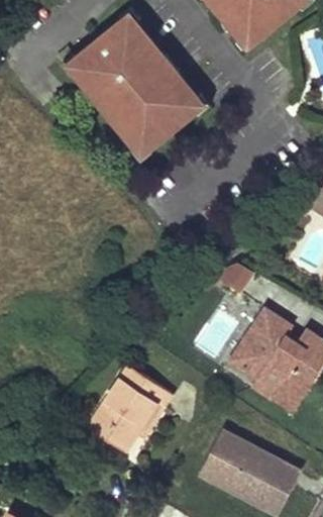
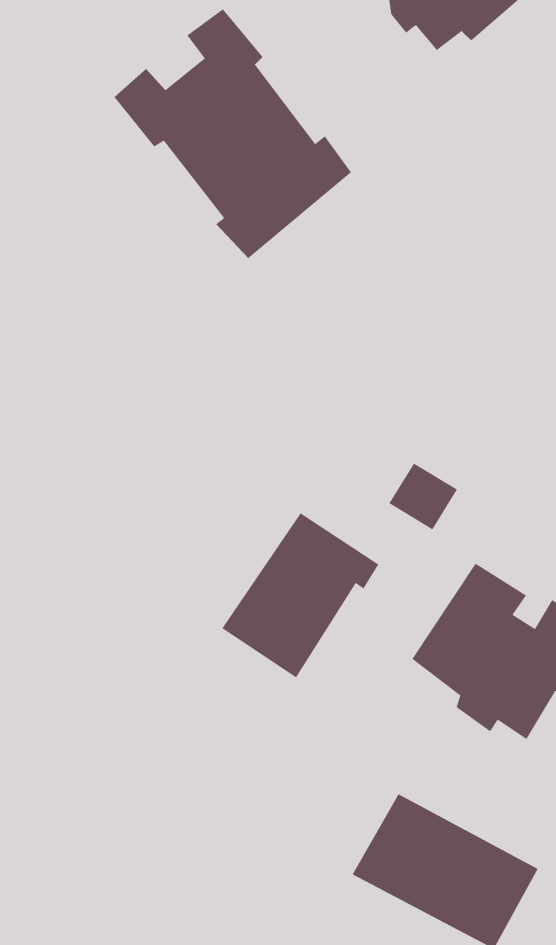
building: [88,367,171,453] -> [221,513,379,678]

